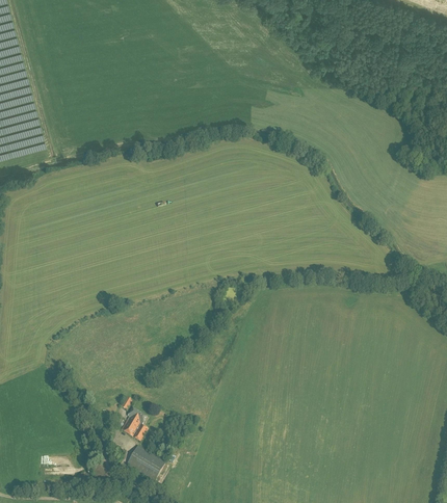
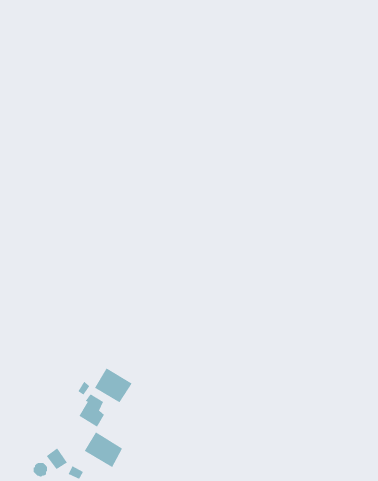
building: none -> [94,367,132,403]

